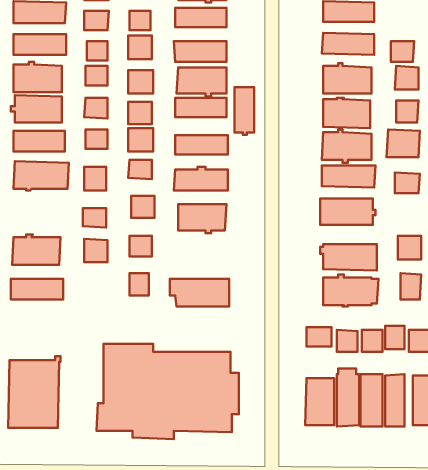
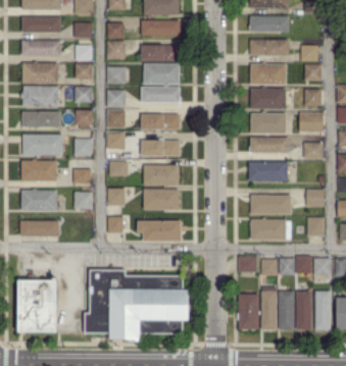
building: [234,87,254,135] -> none
building: none -> [22,158,57,180]
building: none -> [143,189,180,211]

